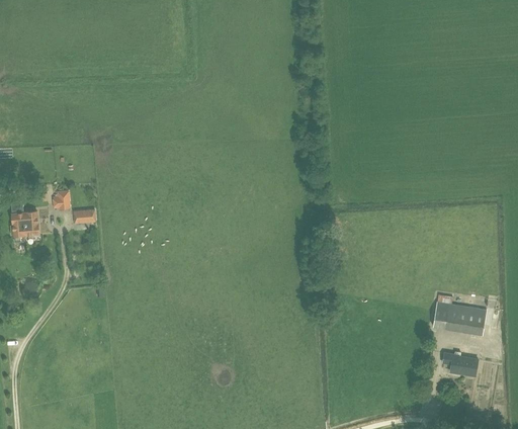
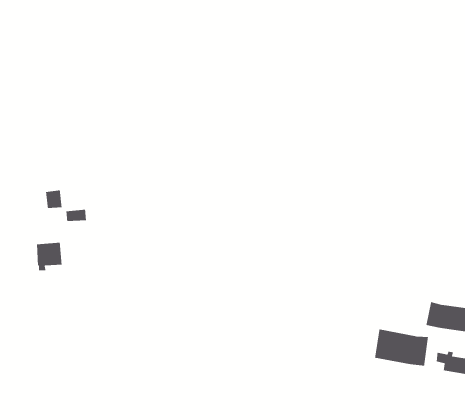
building: [12,214,38,244] -> [36,242,63,271]
building: none -> [374,329,429,366]

